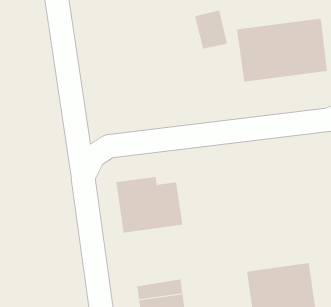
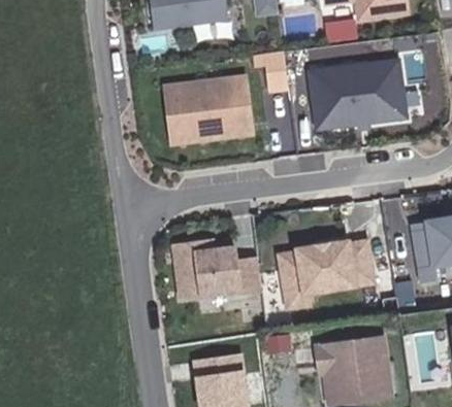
building: none -> [162,74,257,147]
building: none -> [277,238,360,313]

